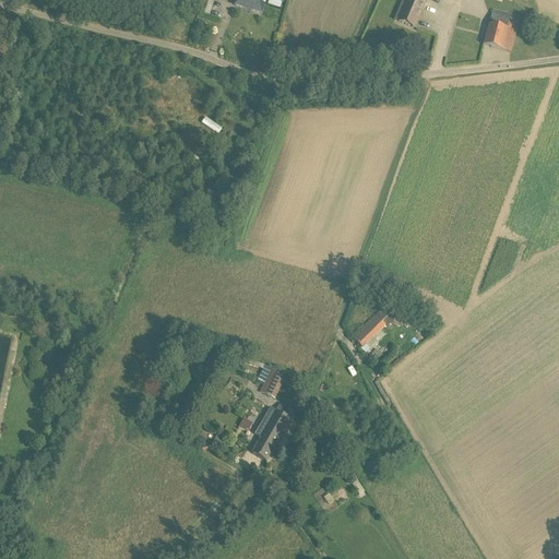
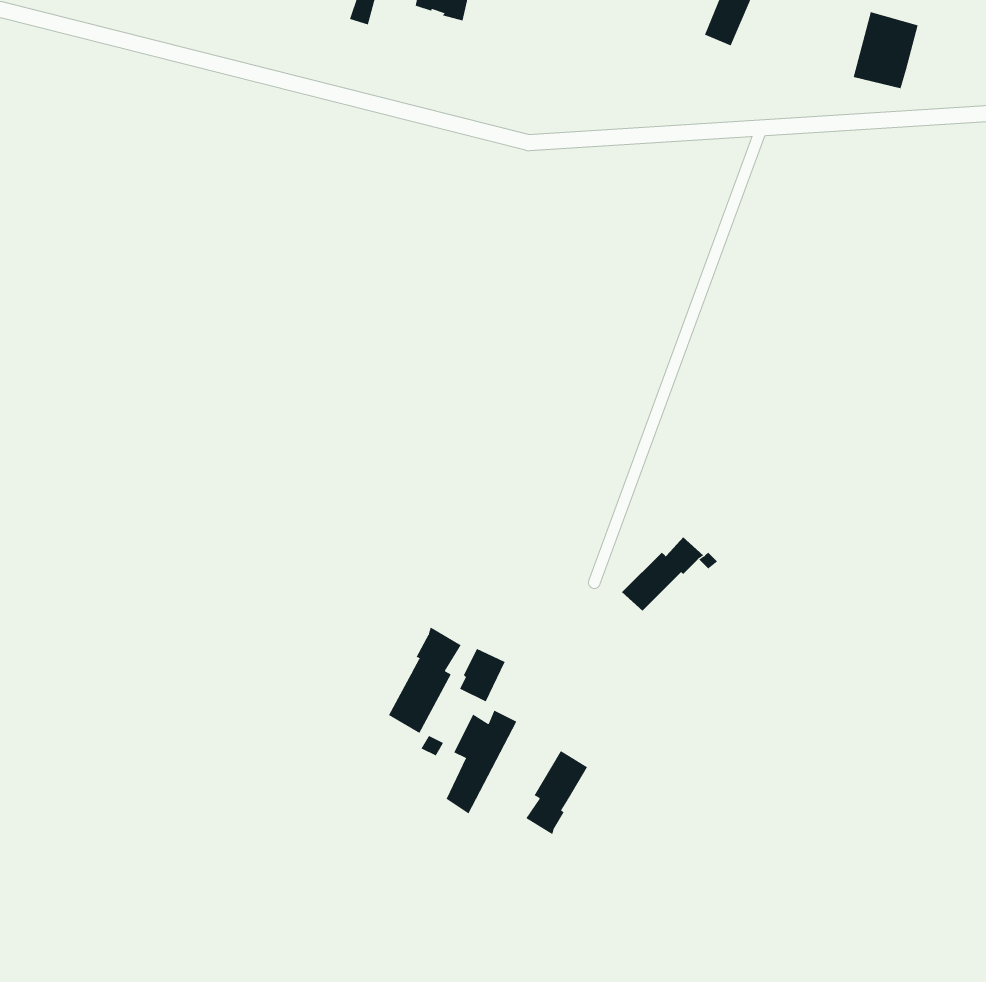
building: none -> [388,626,462,734]
building: none -> [525,750,588,835]

